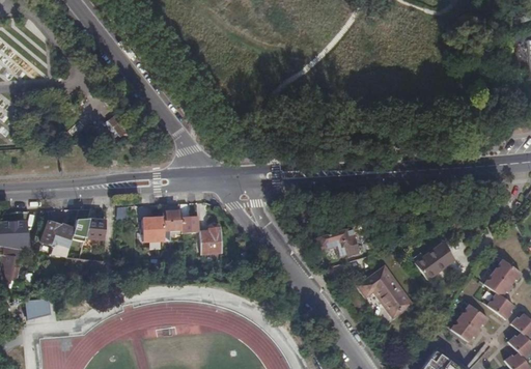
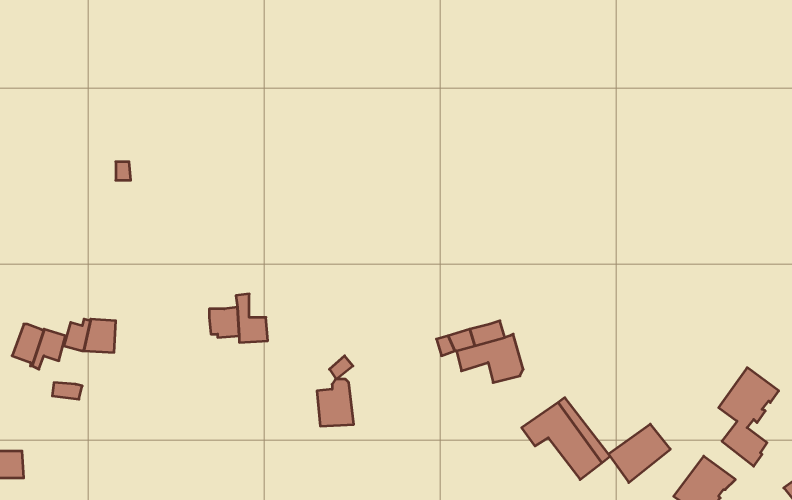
building: [141,218,164,242] -> none
building: [199,225,222,254] -> [317,379,354,426]
building: [416,245,454,281] -> [609,424,670,483]

